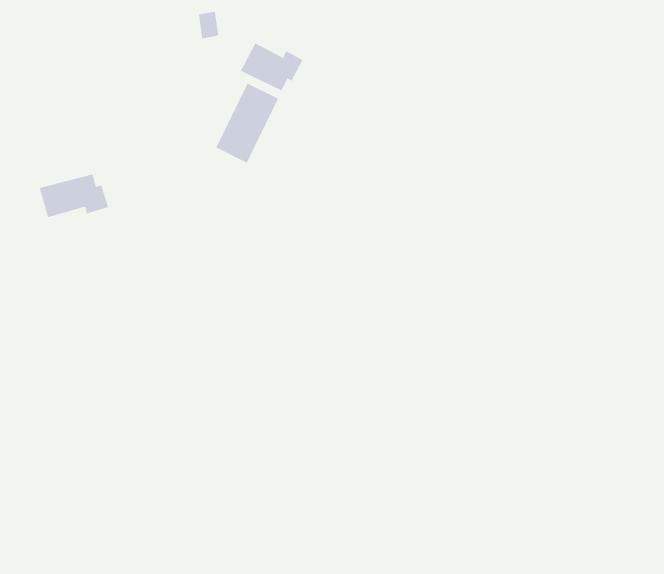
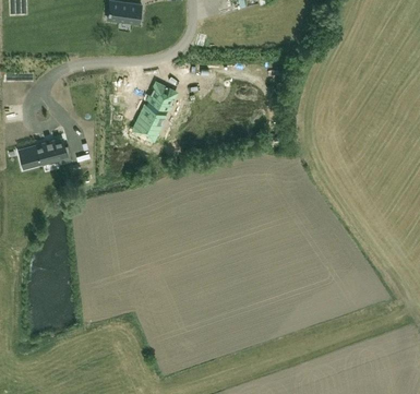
building: [240,42,303,91] -> none

